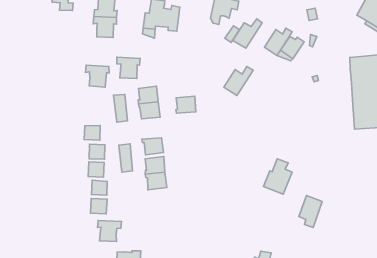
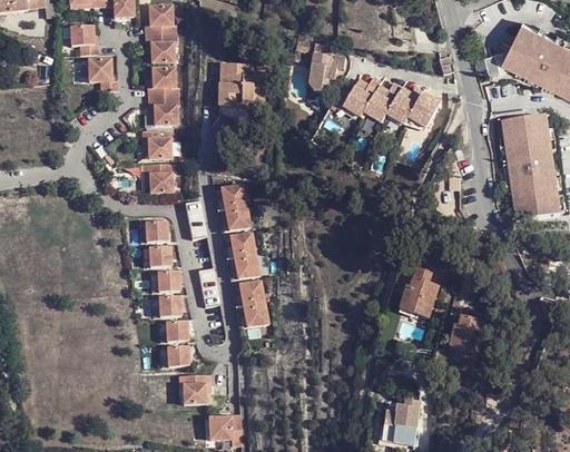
building: [117,57,140,79] -> [140,129,173,158]
building: [224,66,253,96] -> [362,85,400,126]
building: [176,96,196,113] -> [226,233,255,258]
building: none -> [145,220,167,242]

